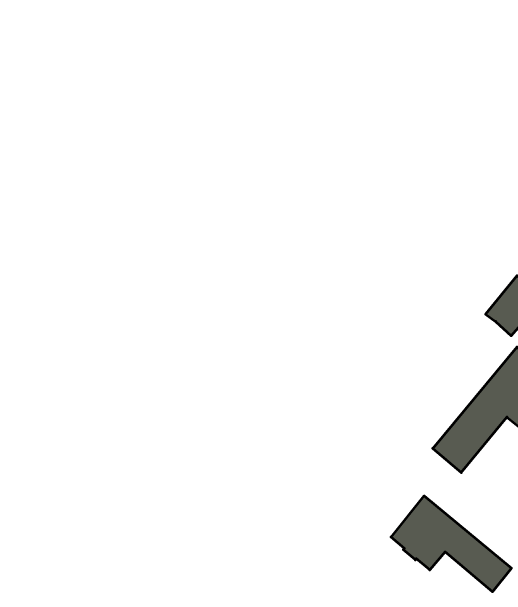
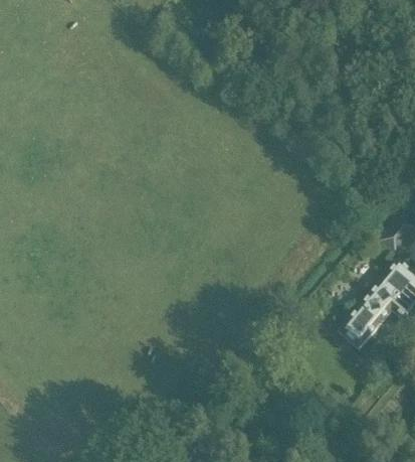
building: [391,496,511,592] -> none

